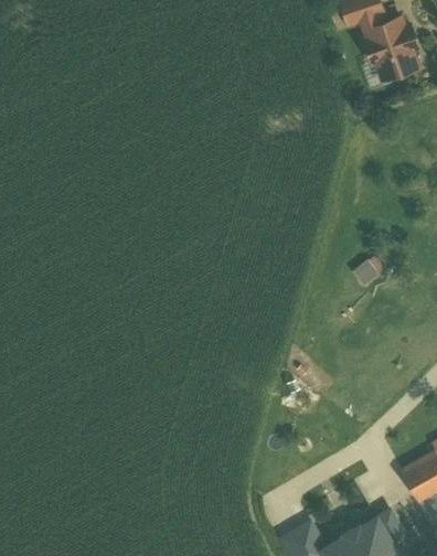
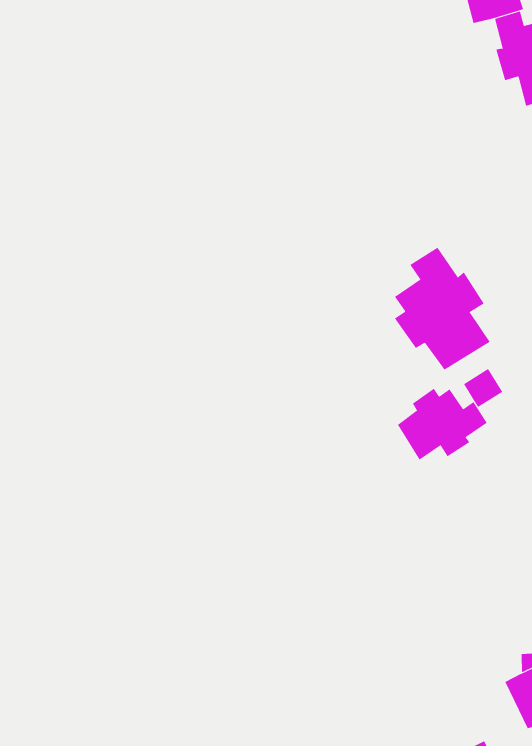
building: none -> [394,247,491,370]
building: none -> [397,388,487,460]

